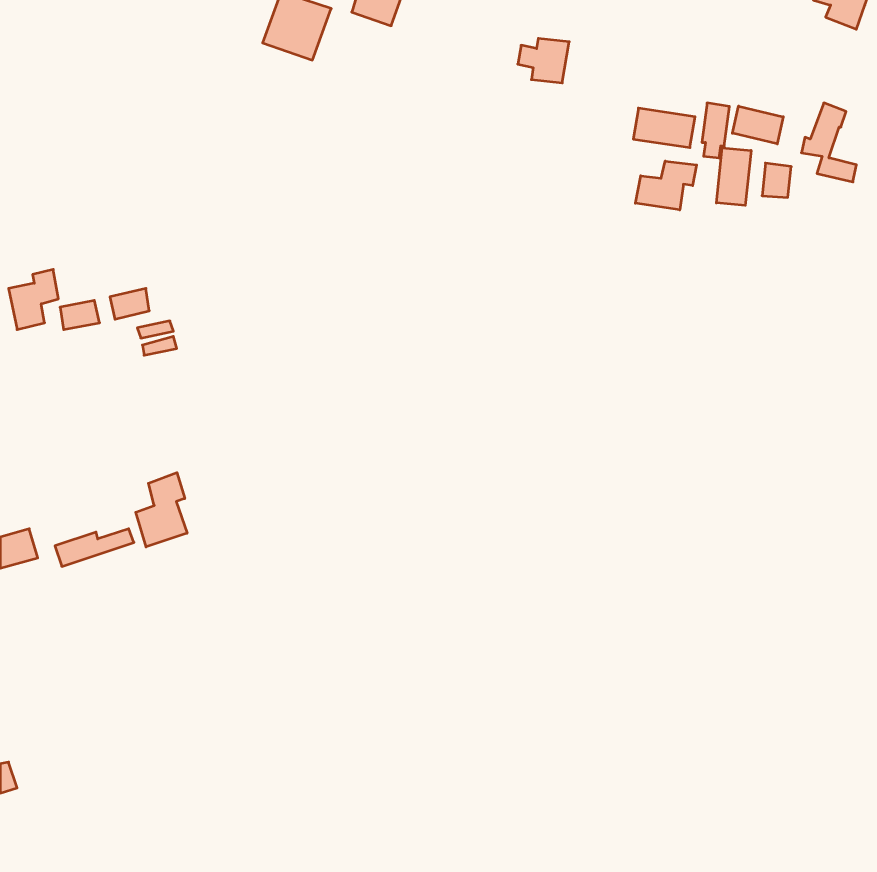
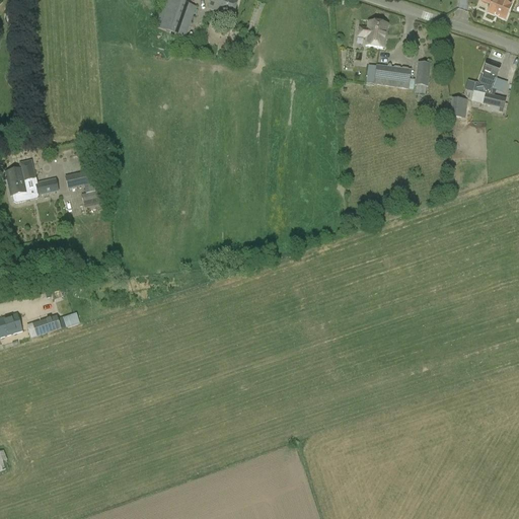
building: [518,38,569,83] -> [357,20,387,47]
building: [732,106,783,144] -> none
building: [716,148,751,205] -> none
building: [635,161,697,210] -> none
building: [136,473,187,547] -> none

